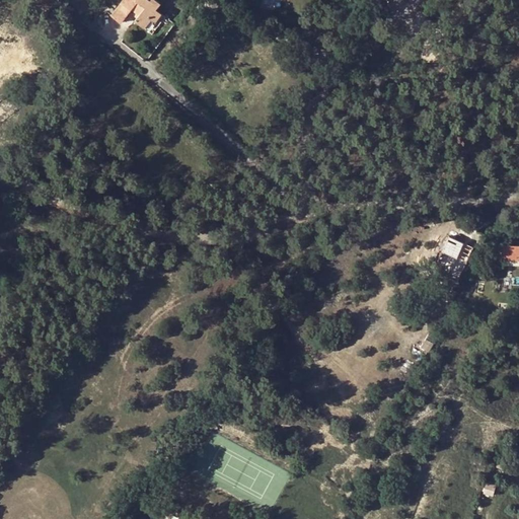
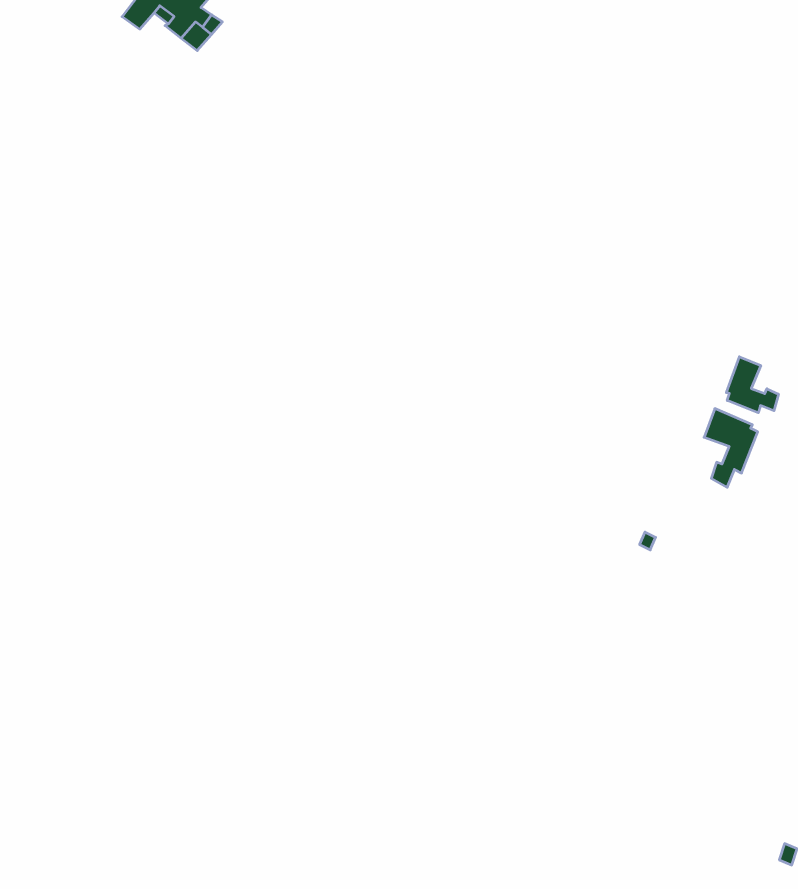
building: none -> [726,357,778,413]

